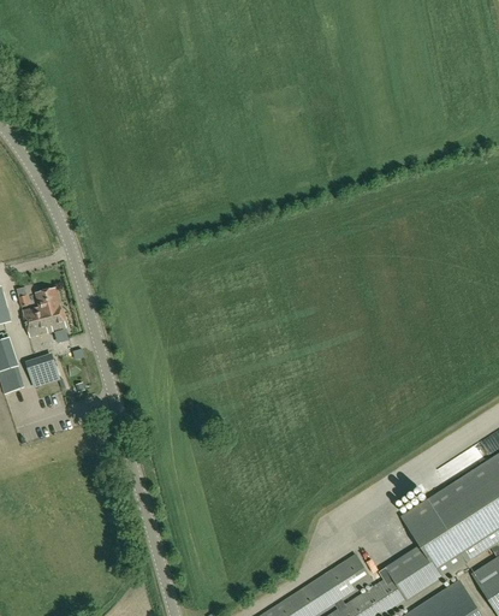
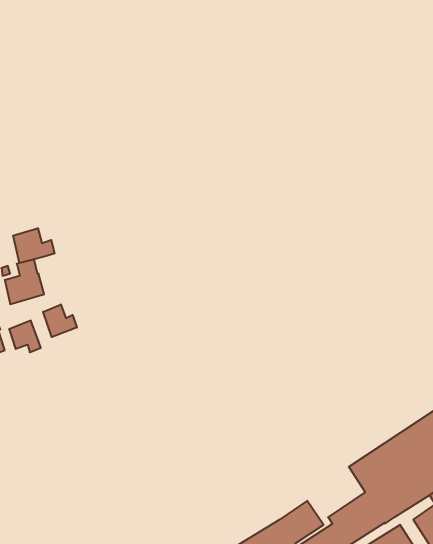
building: none -> [13,228,54,263]
building: none -> [43,304,77,337]

